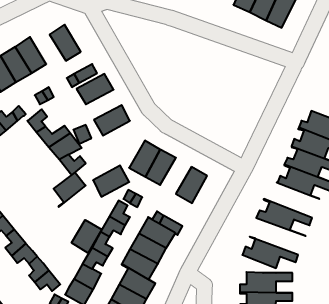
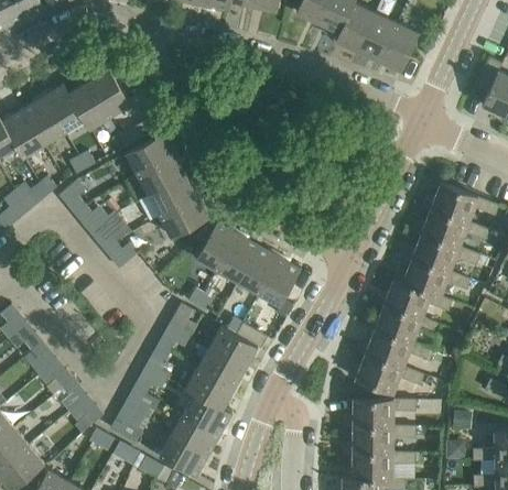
building: none -> [63,80,111,129]
building: none -> [138,154,186,195]
building: none -> [238,246,280,294]
building: [93,165,129,197] -> [161,196,209,238]
building: [54,172,86,207] -> none
building: none -> [377,279,452,326]
building: none -> [358,326,433,375]
building: [72,220,102,253] -> none

